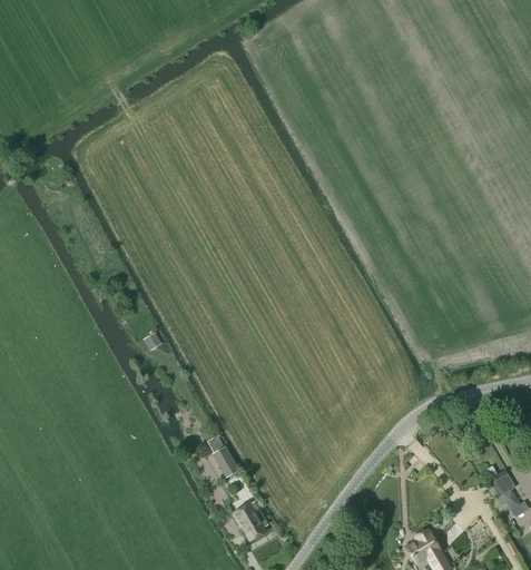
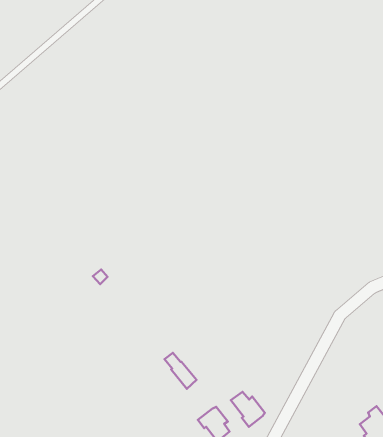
building: none -> [231,392,265,427]

